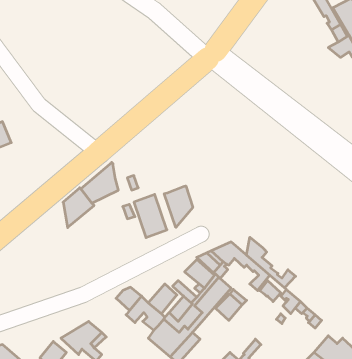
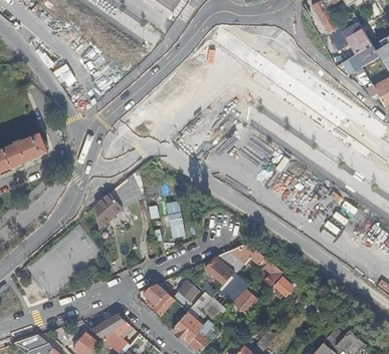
building: [164,186,193,227] -> none
building: [247,237,296,288] -> none

